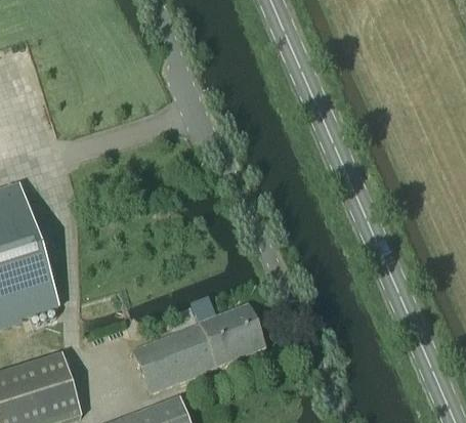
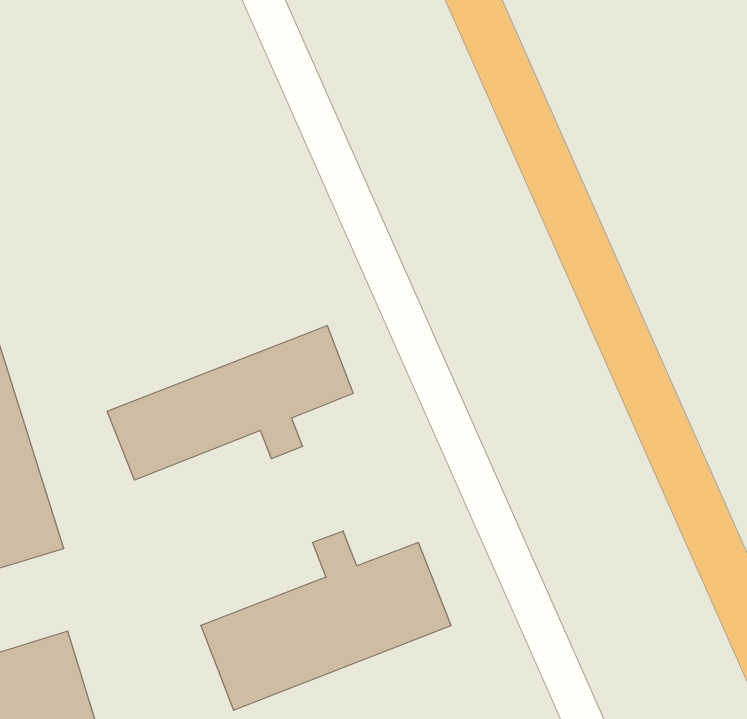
building: none -> [107,325,353,480]

